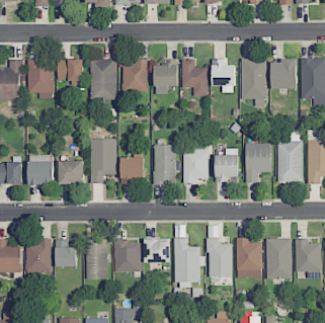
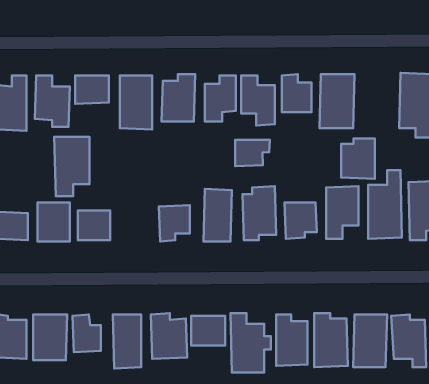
building: [271,59,297,89] -> [341,138,375,179]
building: none -> [235,140,270,166]
building: [90,139,116,183] -> [54,137,89,196]

